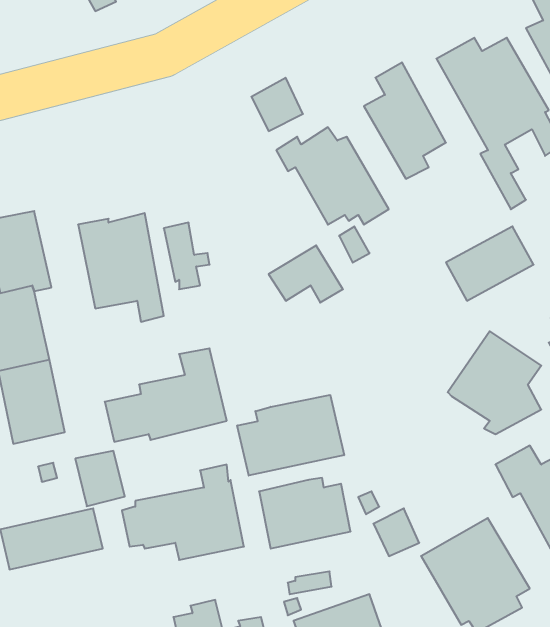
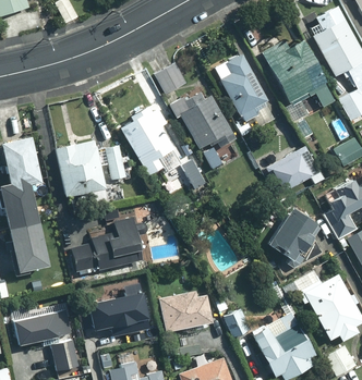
building: none -> [121,105,173,173]
building: [237,395,344,476] -> none
building: [75,451,125,506] -> [51,340,80,371]

